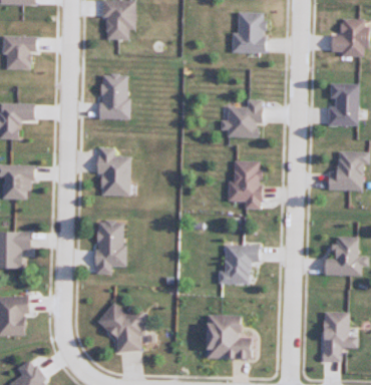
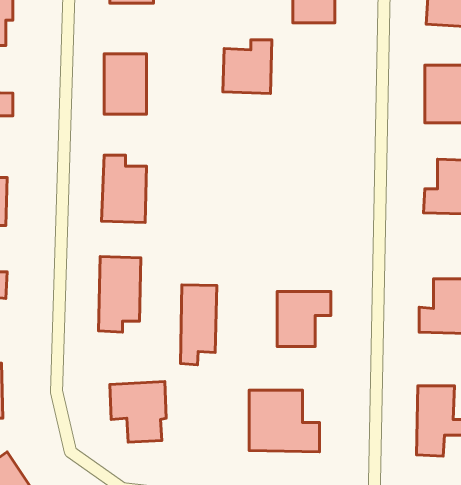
building: [226,100,261,138] -> [223,40,272,93]
building: [230,160,261,209] -> none
building: none -> [181,285,217,365]

